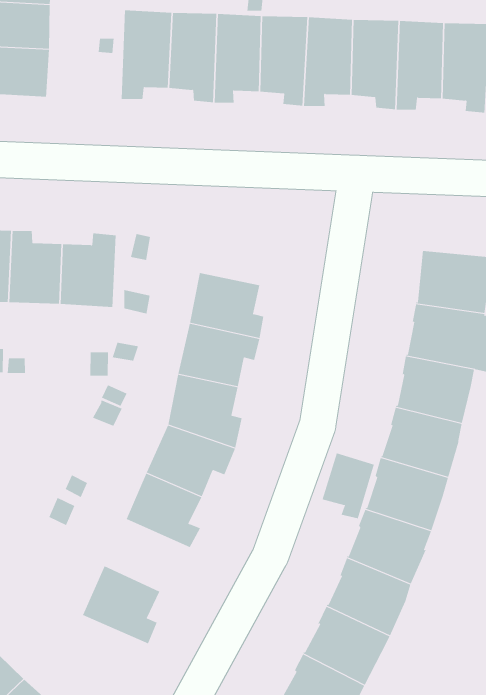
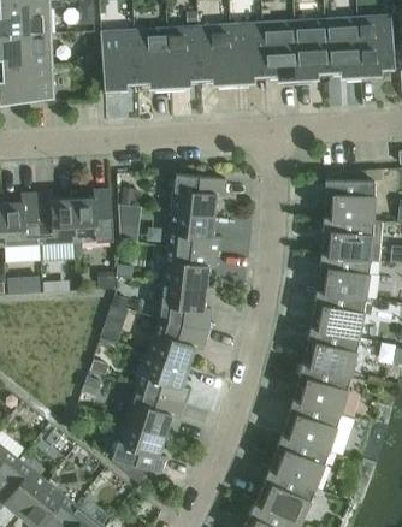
building: none -> [172,173,227,215]
building: [322,452,375,519] -> none
building: none -> [125,387,184,436]

